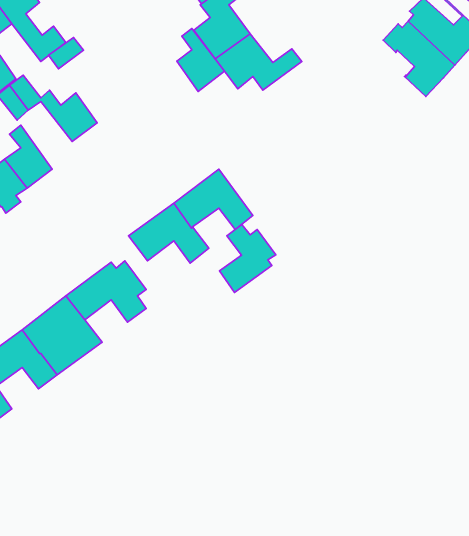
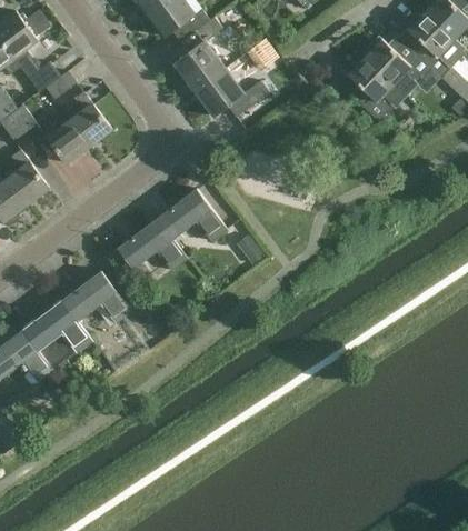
building: [177,29,225,91] -> [69,91,111,147]
building: [220,224,276,293] -> none

